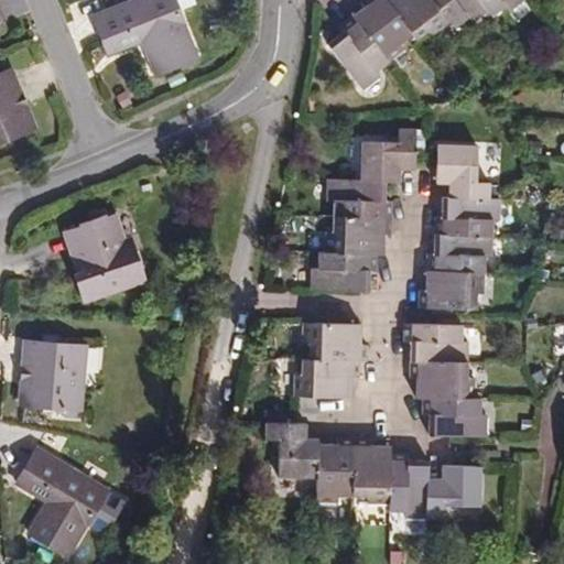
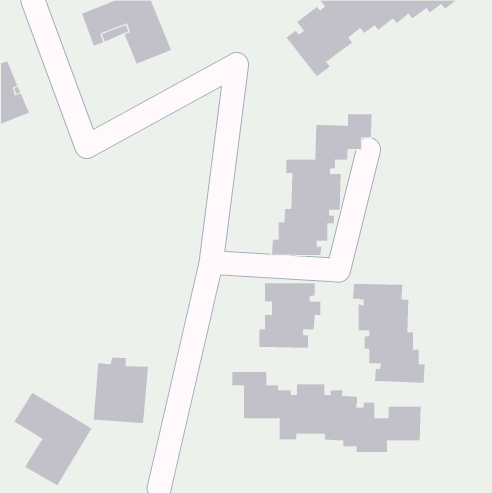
building: [419,145,500,310] -> none
building: [68,218,144,301] -> none
building: [20,334,84,410] -> [93,357,149,424]

